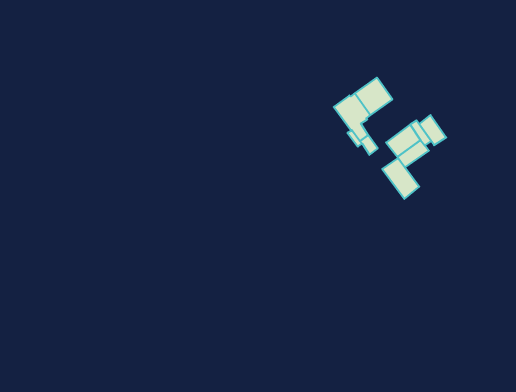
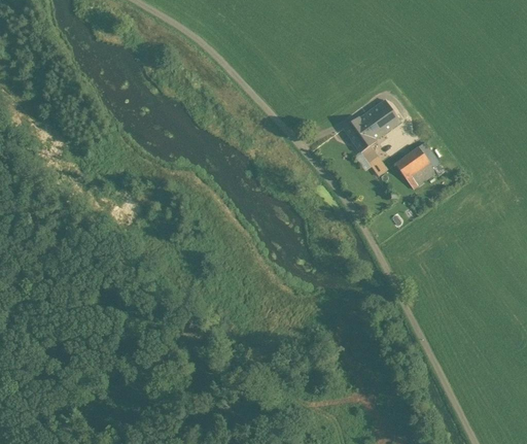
building: [419,115,446,145] -> none
building: [382,158,419,199] -> none

